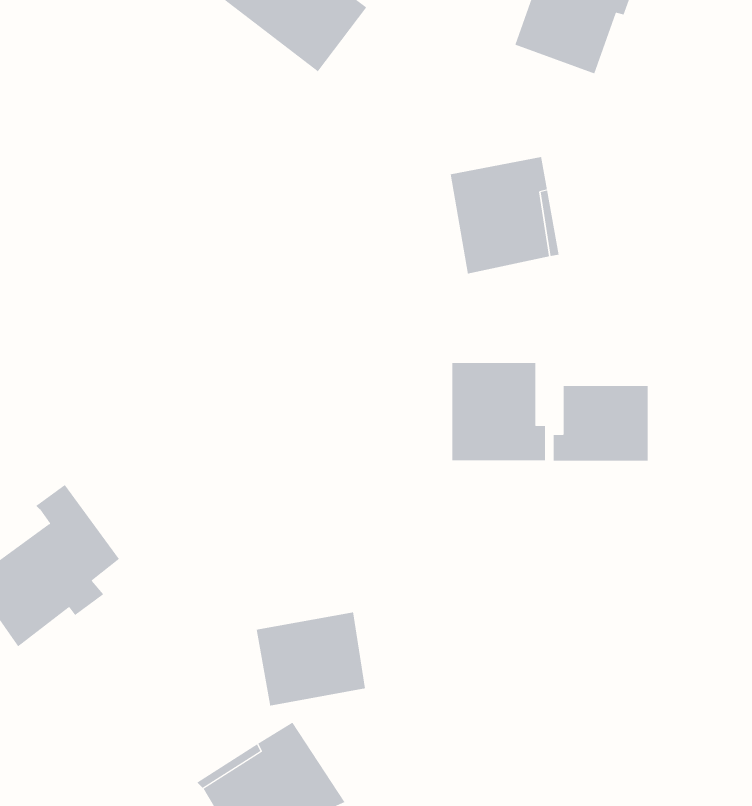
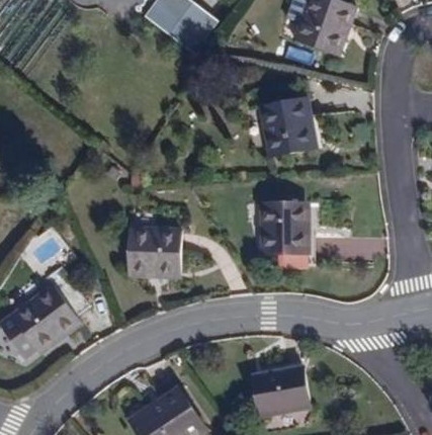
building: [553,385,648,462] -> none
building: none -> [129,228,181,276]
building: [256,612,366,706] -> [253,367,310,416]

